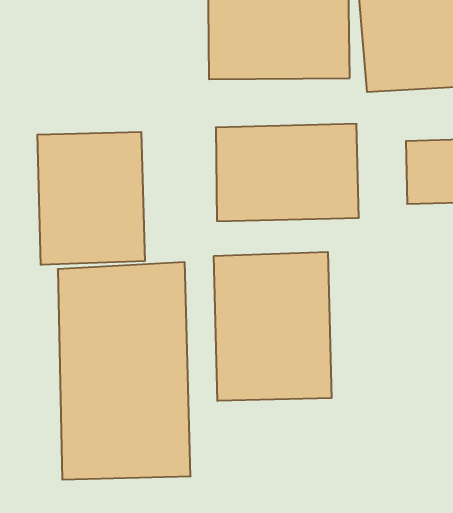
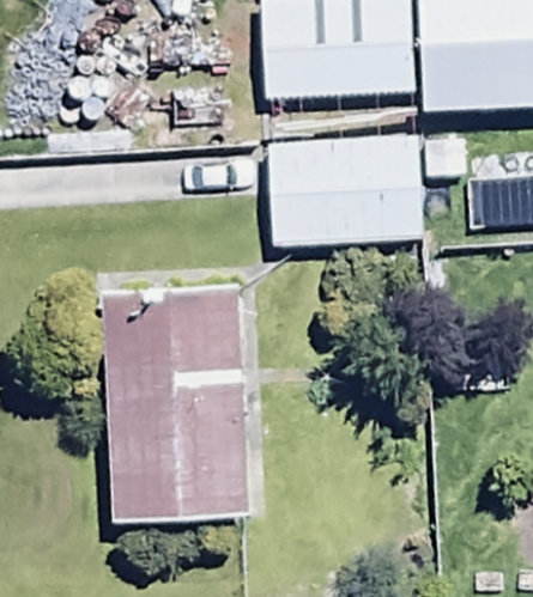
building: [37,132,145,265] -> none
building: [214,252,331,401] -> none

